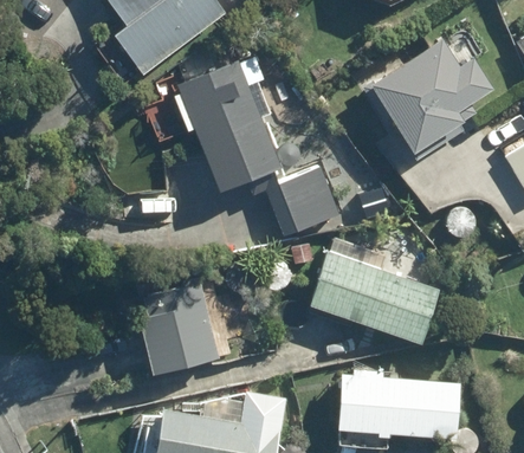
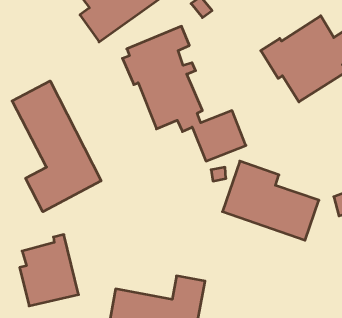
building: none -> [12,81,101,212]
building: [141,278,221,375] -> [20,235,79,306]
building: [338,371,461,439] -> none

